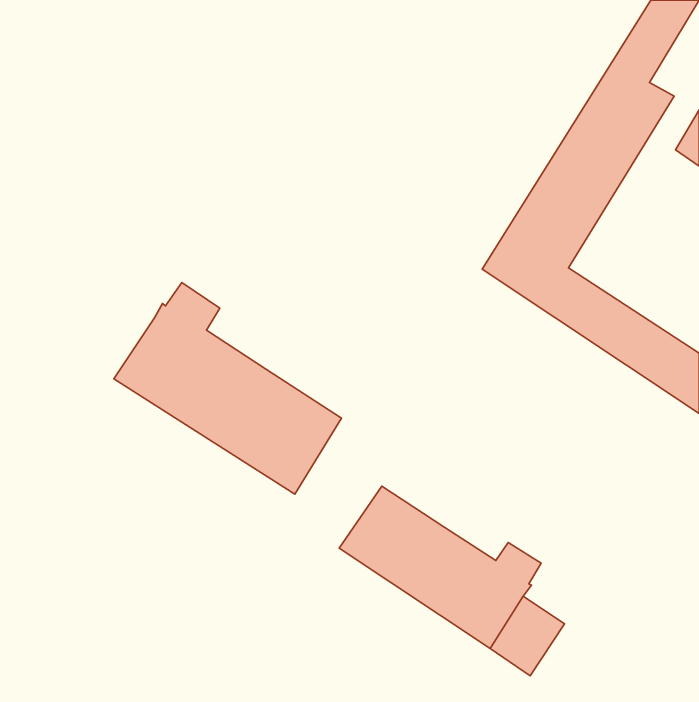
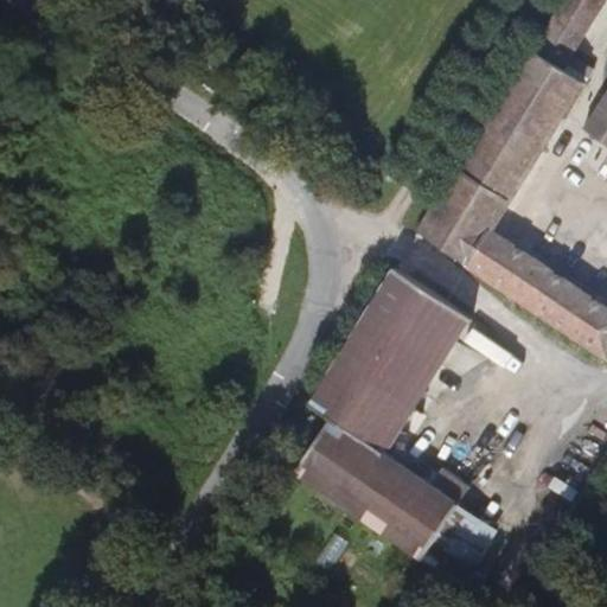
building: [114,282,341,494] -> none
building: none -> [308,268,472,455]

